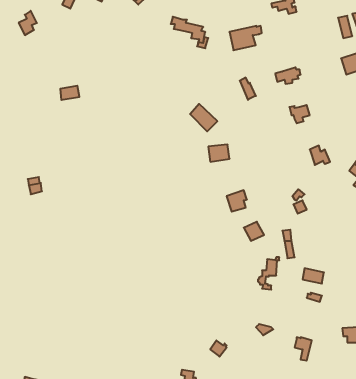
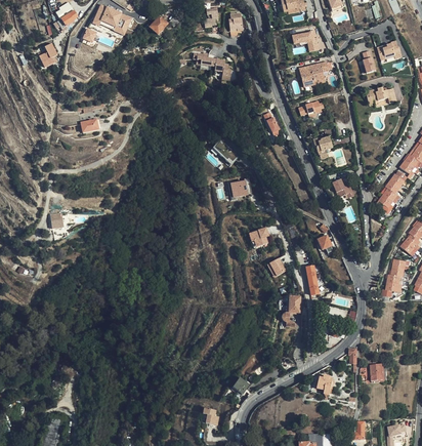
building: [229,26,262,50] -> [301,63,334,87]

